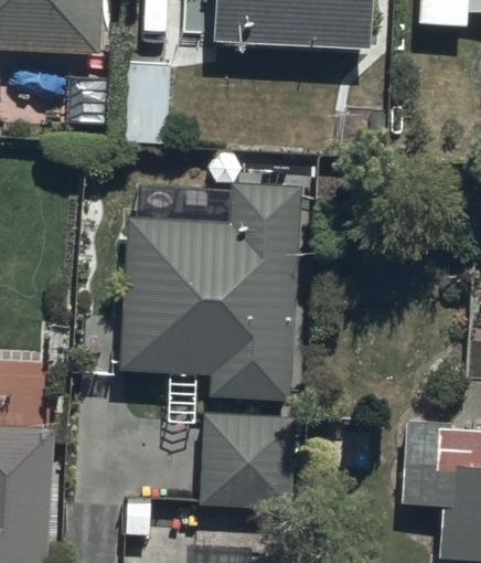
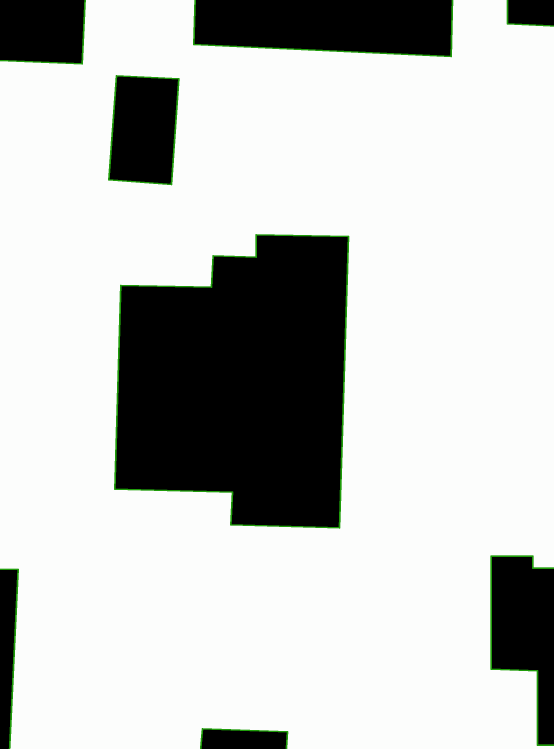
building: [202,414,297,509] -> none

